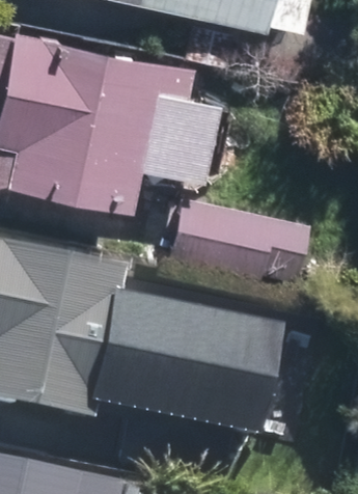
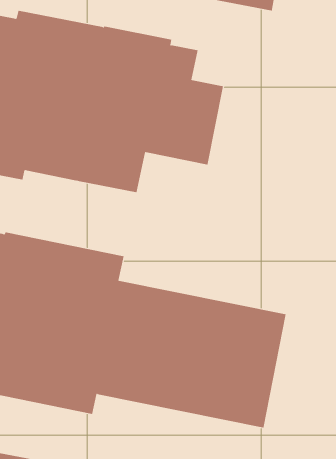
building: [171,199,312,282] -> none

